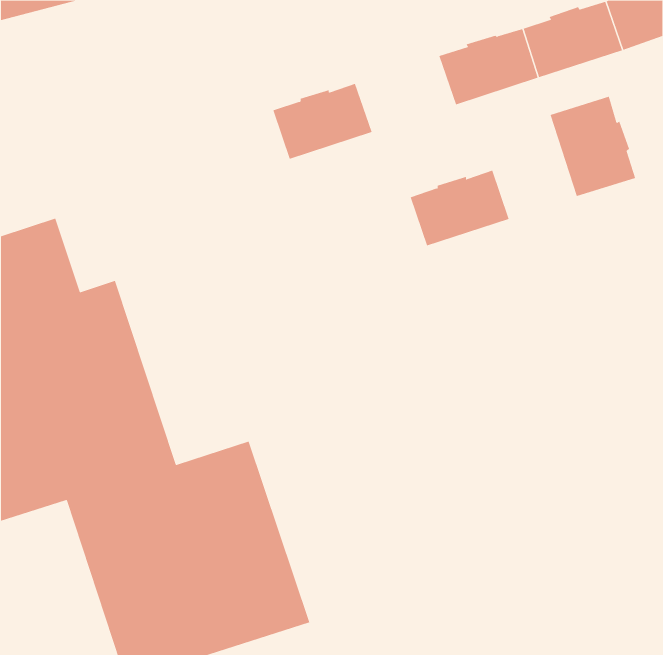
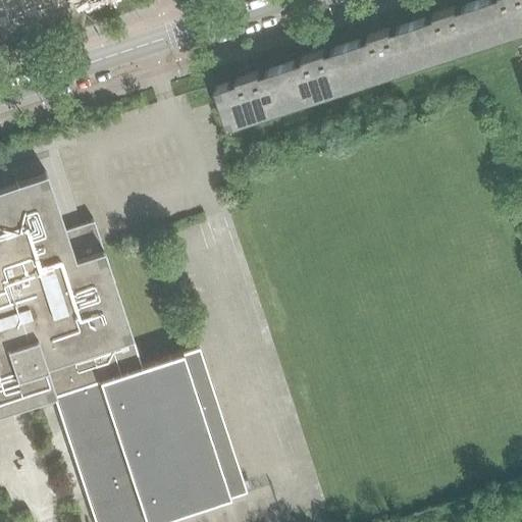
building: [550,96,636,197] -> none
building: [410,170,510,246] -> [279,50,358,110]

